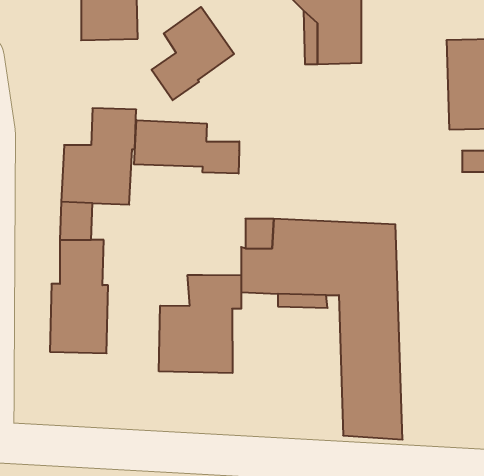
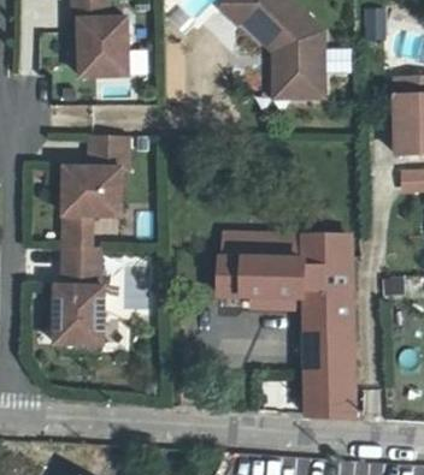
building: [152,7,234,100] -> none
building: [134,120,239,174] -> none
building: [159,275,241,373] -> none

